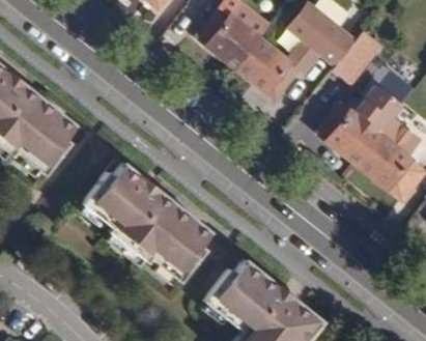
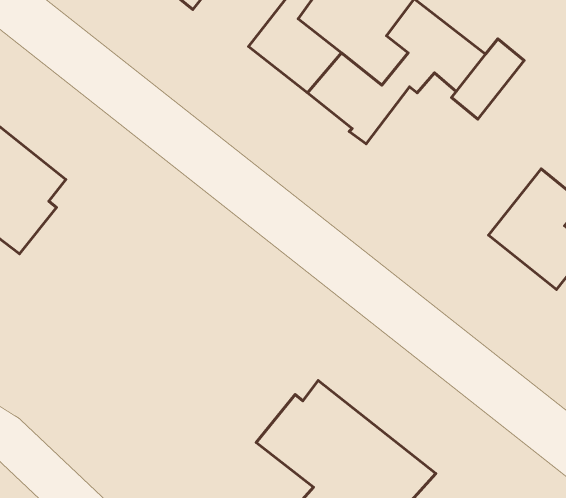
building: [318,83,403,162] -> none
building: [80,162,209,281] -> none

